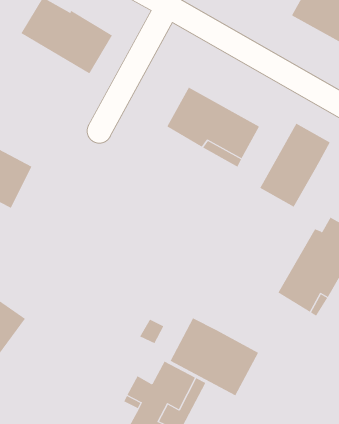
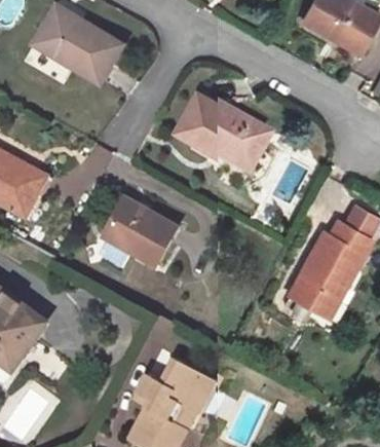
building: [260,123,330,207] -> none
building: none -> [99,192,175,262]
building: [170,318,259,396] -> none

